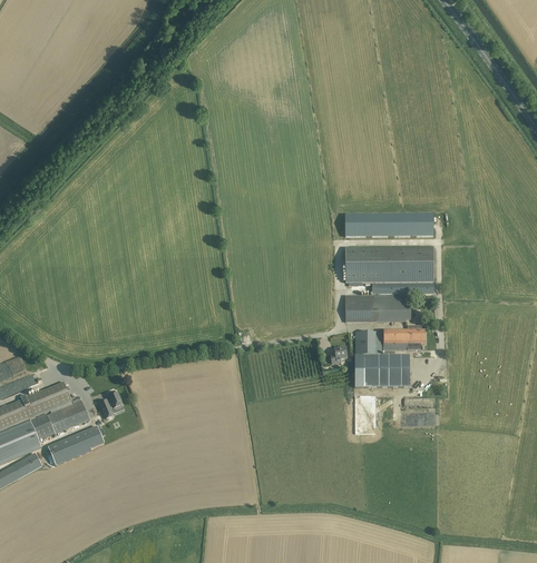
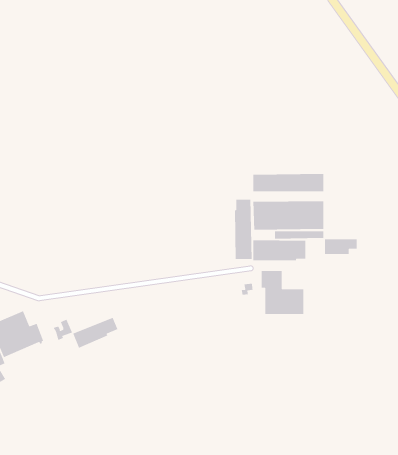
building: none -> [234,199,253,260]
building: [382,329,423,349] -> [324,238,358,255]
building: [47,426,104,465] -> [72,317,118,349]

